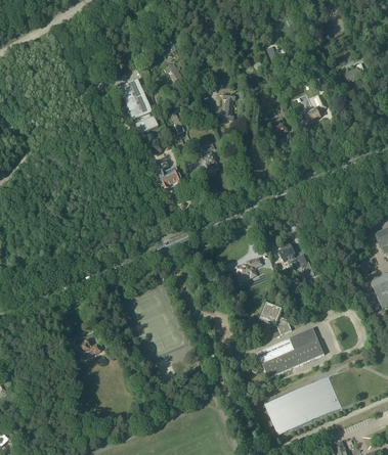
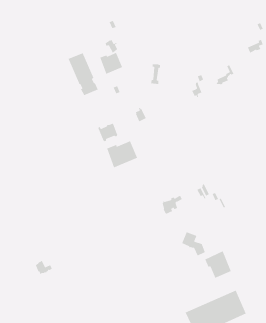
building: none -> [99,52,123,75]
building: none -> [106,140,138,169]
building: [256,338,302,378] -> none

